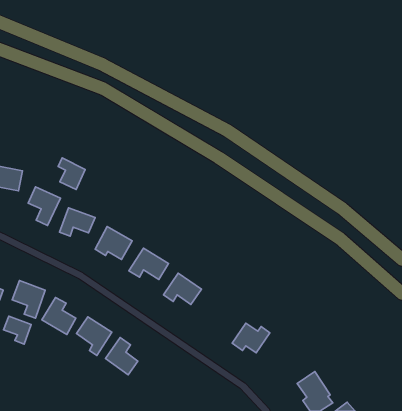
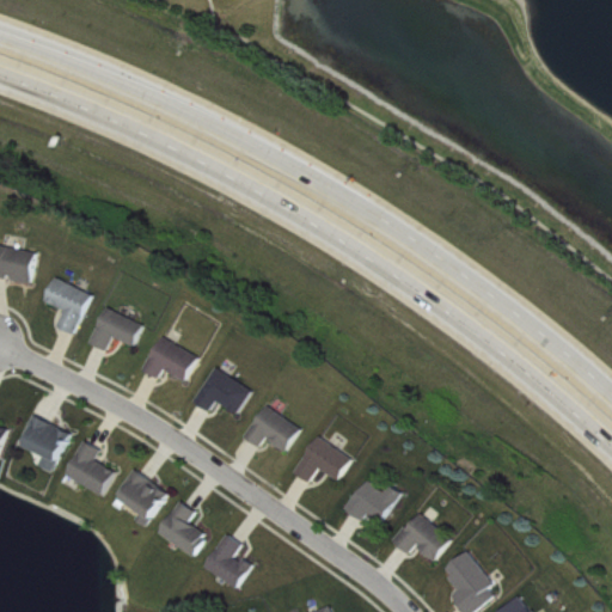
building: [58,158,85,189] -> none
building: none -> [293,436,350,482]
building: [4,316,31,344] -> none
building: none -> [391,512,449,561]
building: none -> [202,534,249,588]

